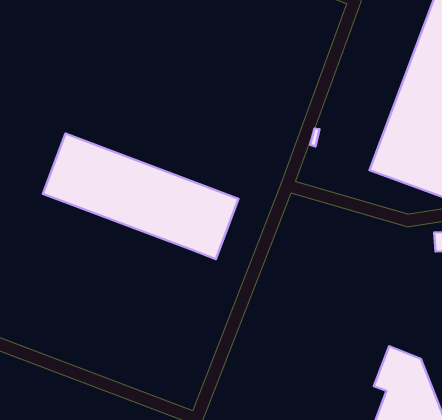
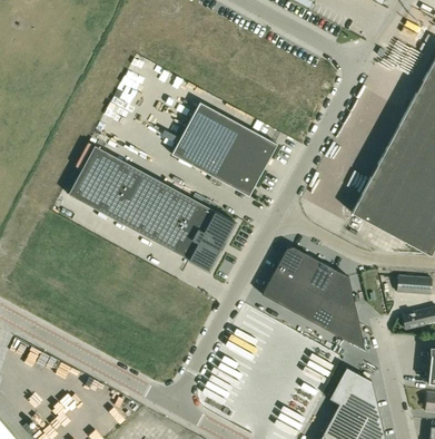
building: none -> [171,101,277,196]
building: none -> [263,247,366,351]

